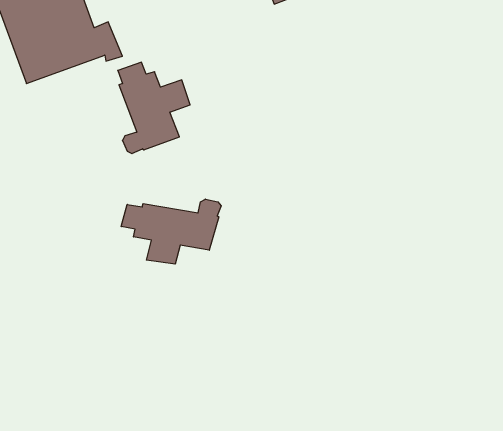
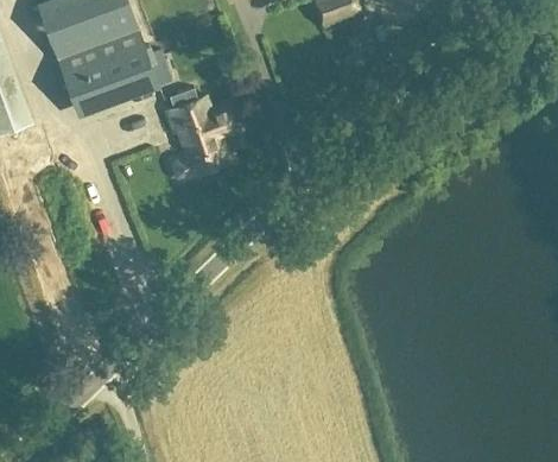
building: [121,199,221,264] -> none

